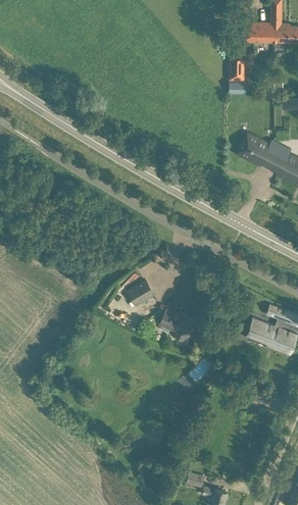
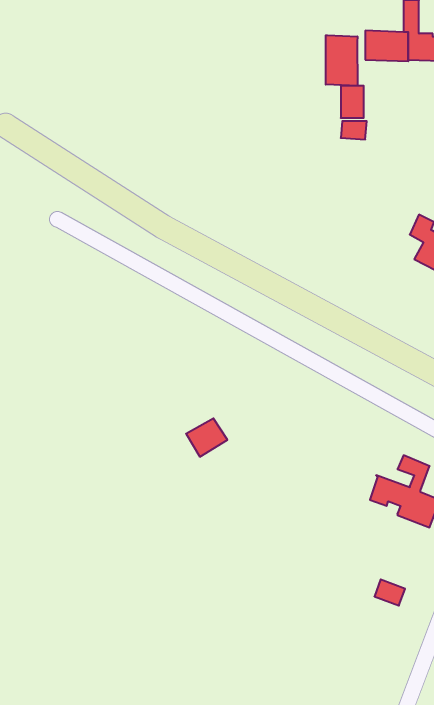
building: none -> [326,35,357,86]
building: [239,134,282,165] -> none
building: [160,311,196,341] -> none

